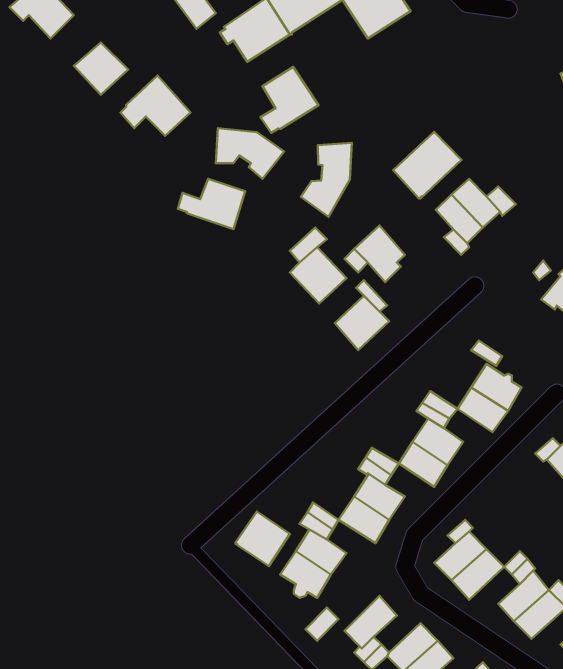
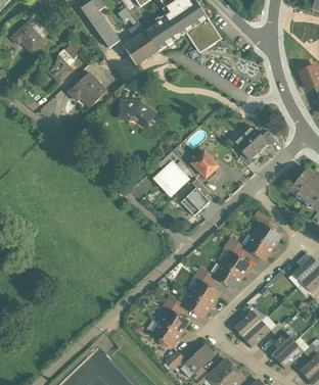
building: [260,67,319,133] -> none
building: [393,132,461,198] -> none
building: [301,143,352,217] -> none
building: [178,179,245,229] -> none
building: [235,512,290,566] -> none

